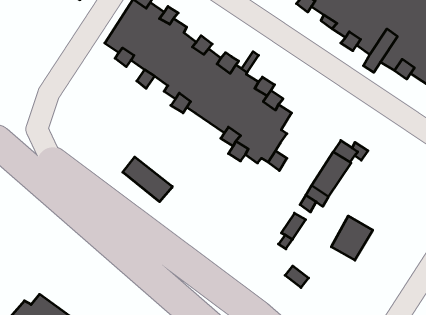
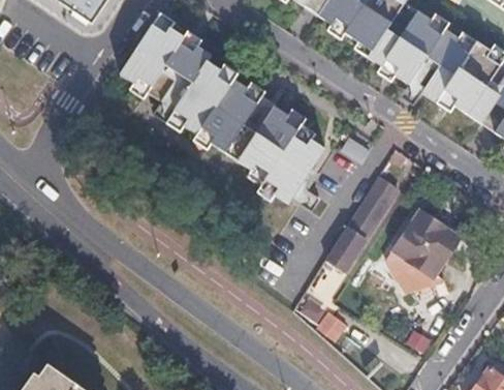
building: [123,157,172,202] -> none
building: none -> [398,210,464,275]

